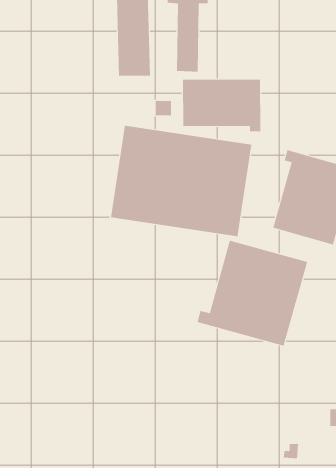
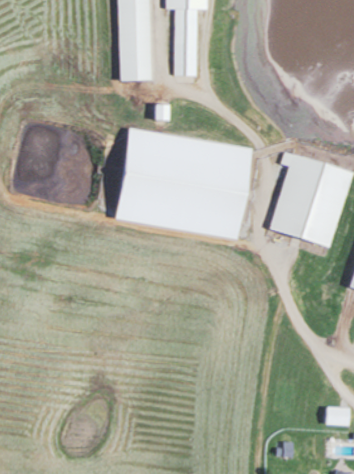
building: [183,79,261,132] -> none
building: [197,240,308,347] -> none

